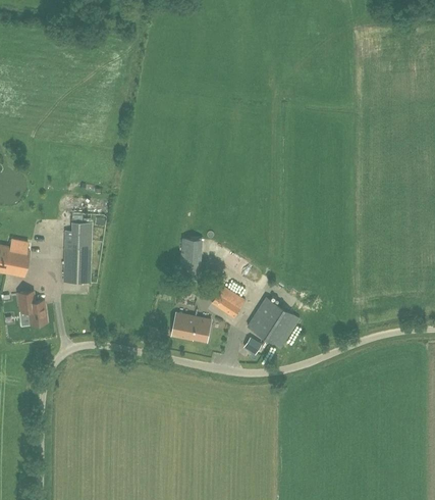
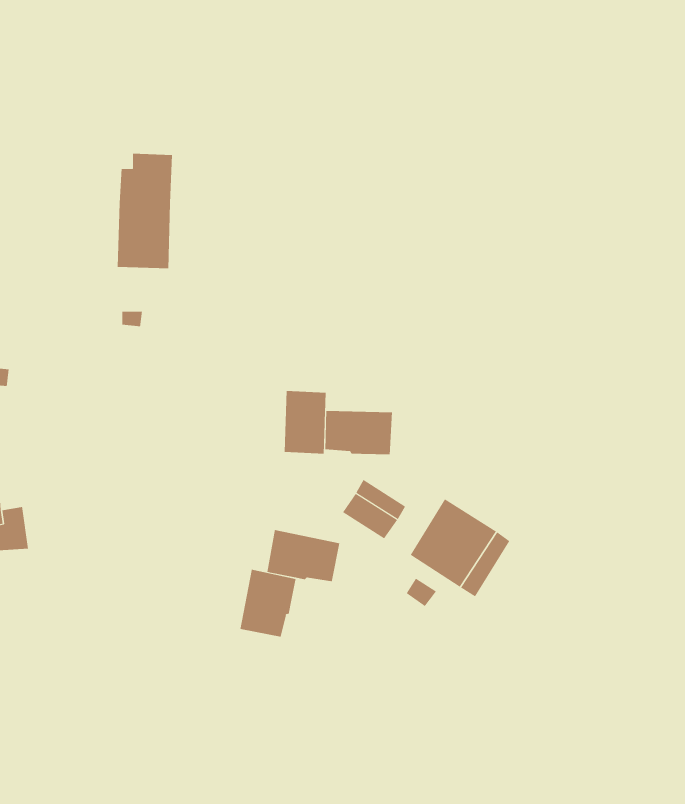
building: [62,222,92,284] -> [117,153,173,269]
building: none -> [325,410,392,455]
building: none -> [240,569,296,638]

